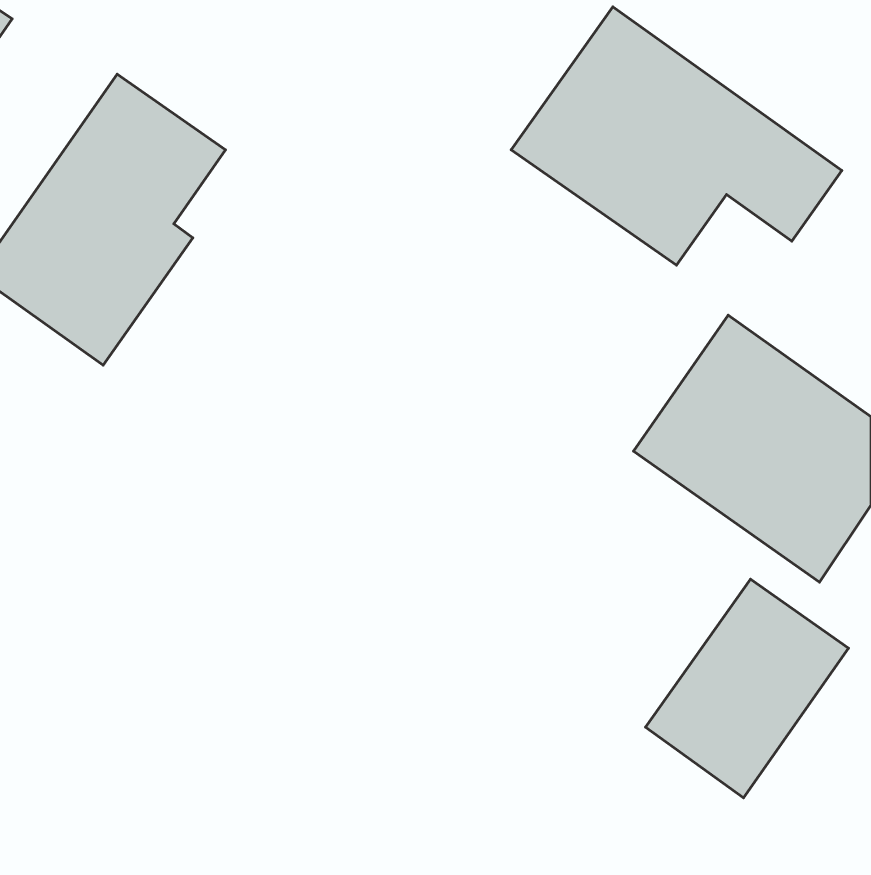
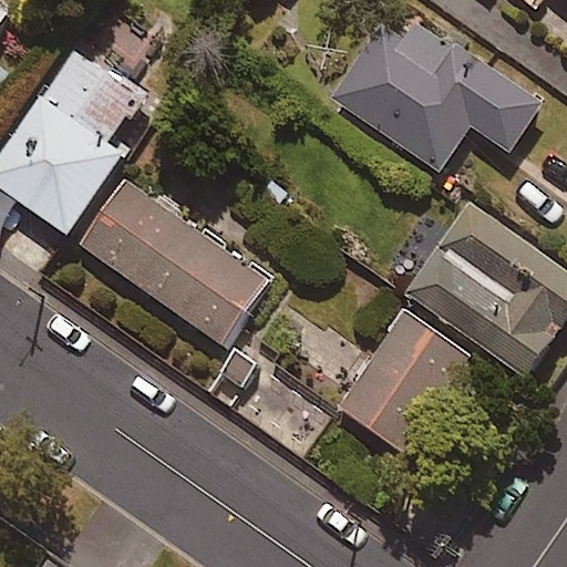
building: none -> [78,178,267,342]
building: [645,579,848,798] -> [338,312,468,453]

